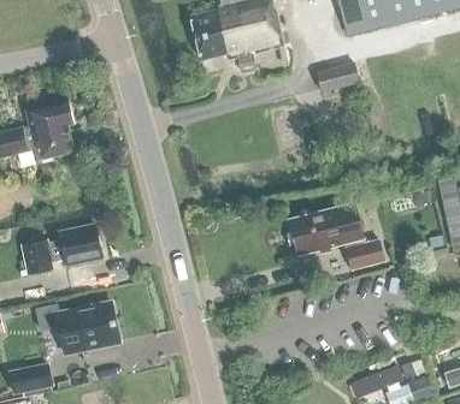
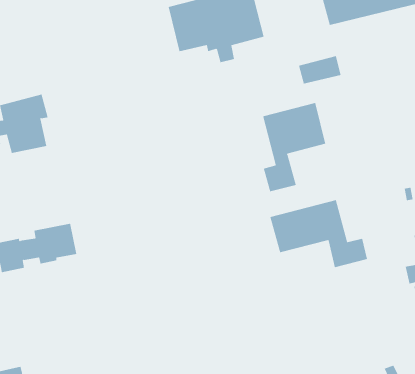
building: none -> [263,102,326,192]
building: [35,303,119,352] -> none

